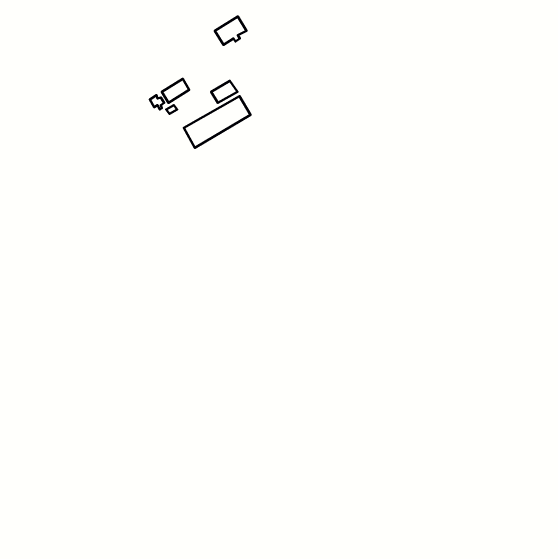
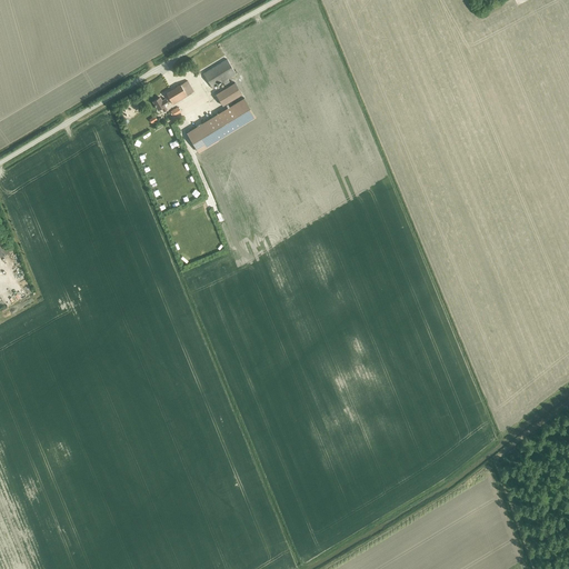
building: [215,16,246,45] -> [202,59,234,88]

